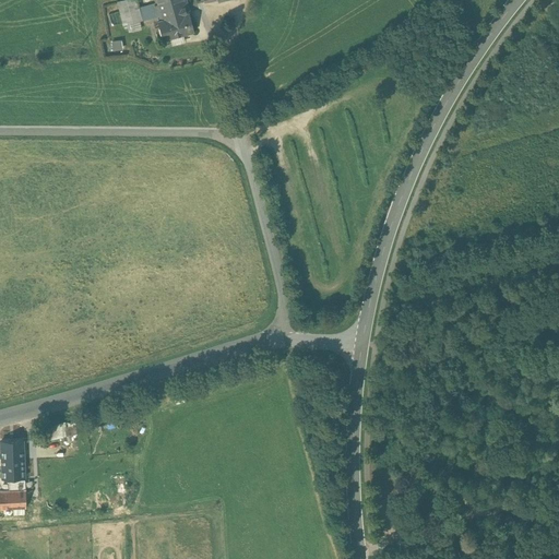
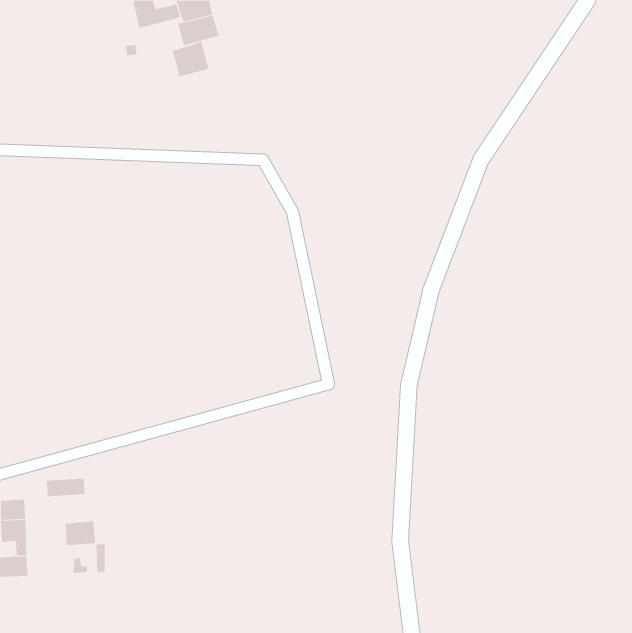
building: none -> [172,41,209,77]
building: none -> [65,520,95,546]

